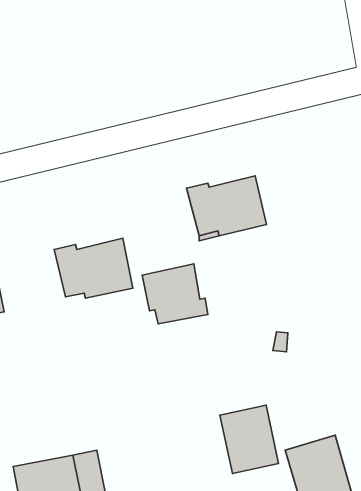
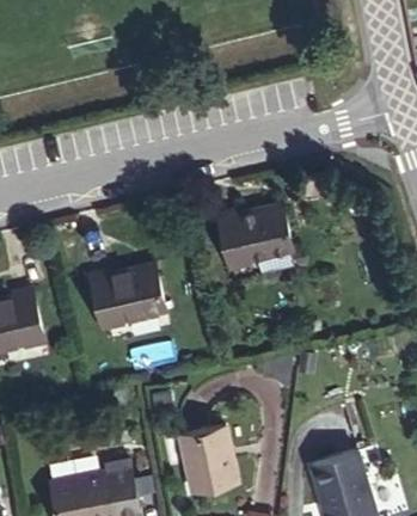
building: [142,264,208,324] -> none
building: [220,405,279,474] -> [180,428,237,493]

